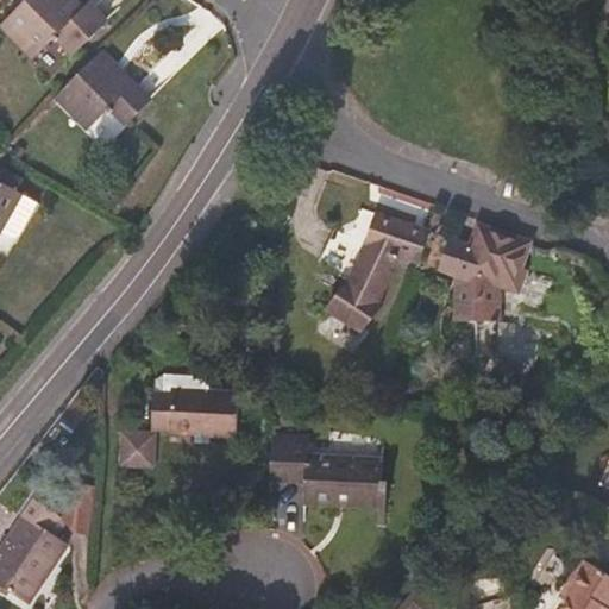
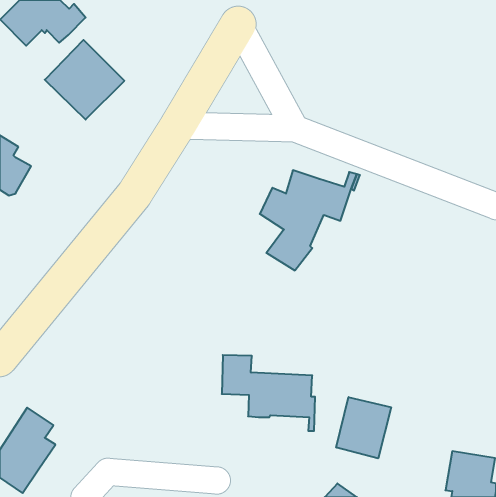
building: [440,226,542,365] -> none
building: [119,375,237,467] -> none
building: none -> [336,397,391,458]

